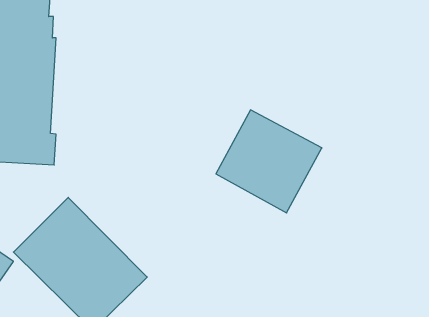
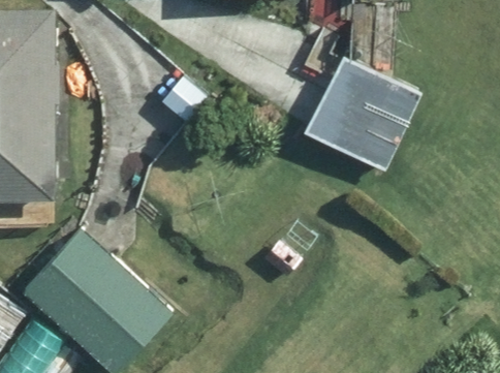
building: [216,110,322,213] -> [309,53,427,167]

